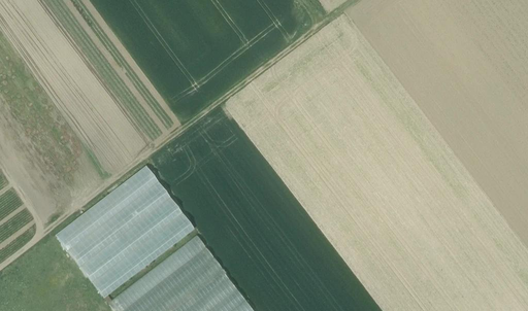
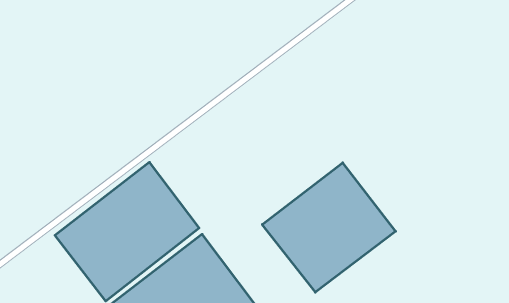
building: none -> [262,163,396,292]

